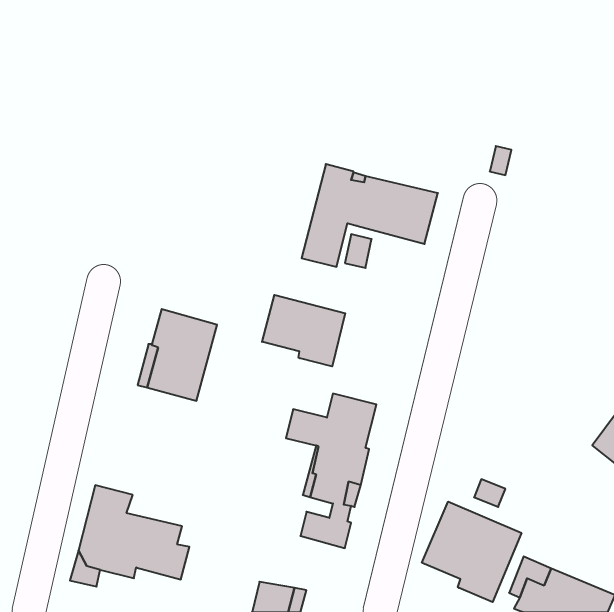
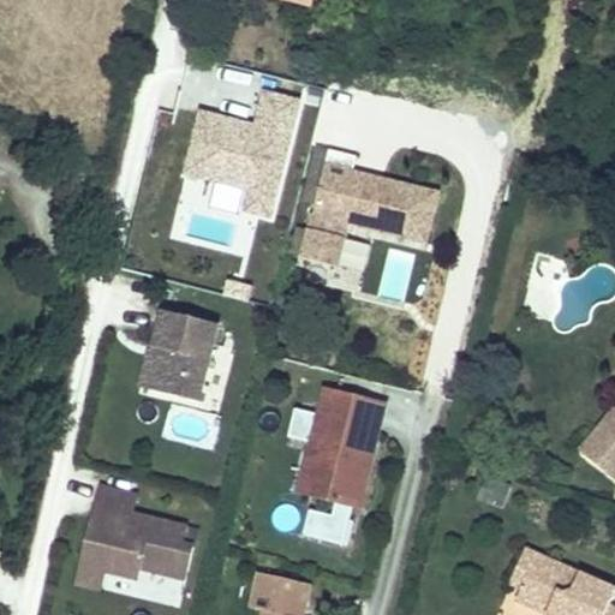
building: none -> [184,84,305,213]
building: [262,295,345,366] -> none
building: [422,502,521,602] -> none

